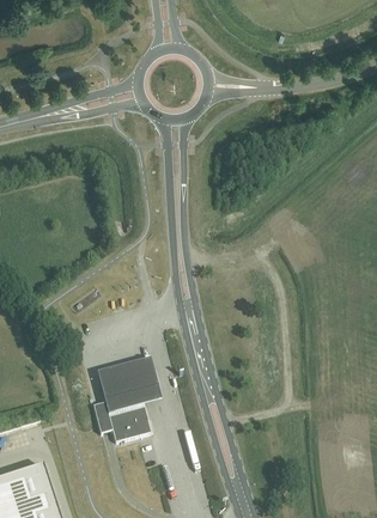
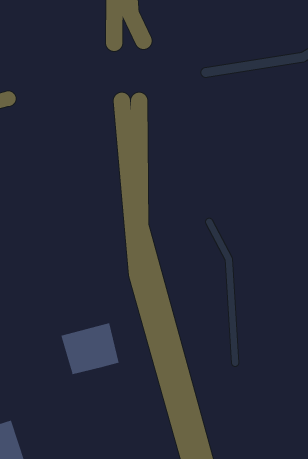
building: [92,402,150,441] -> none

